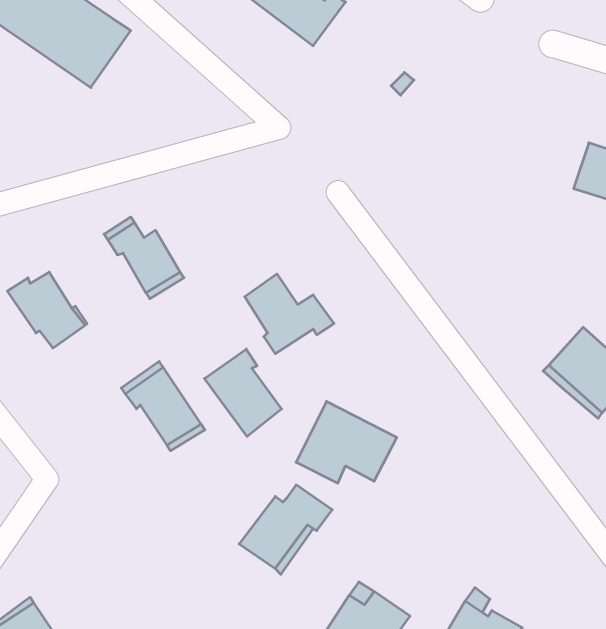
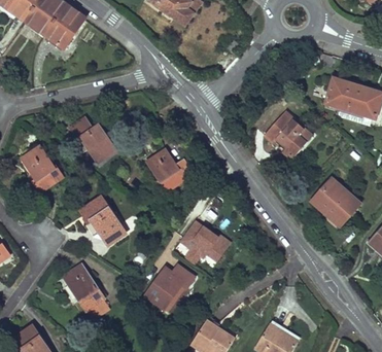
building: none -> [264,112,312,160]
building: [204,349,282,436] -> none
building: none -> [63,265,106,310]

